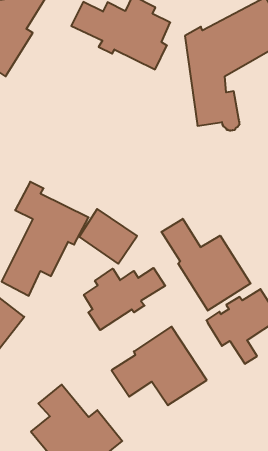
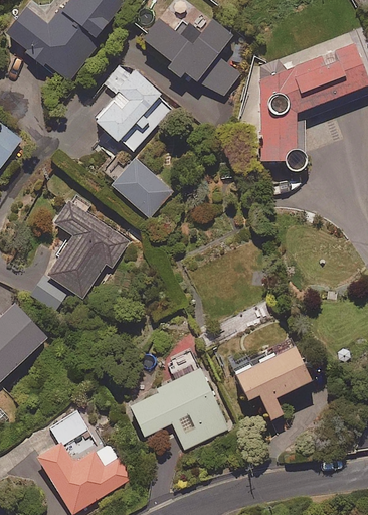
building: none -> [96,68,176,152]
building: [79,209,137,264] -> [112,158,172,218]
building: [161,219,251,311] -> none
building: [84,268,165,330] -> none

